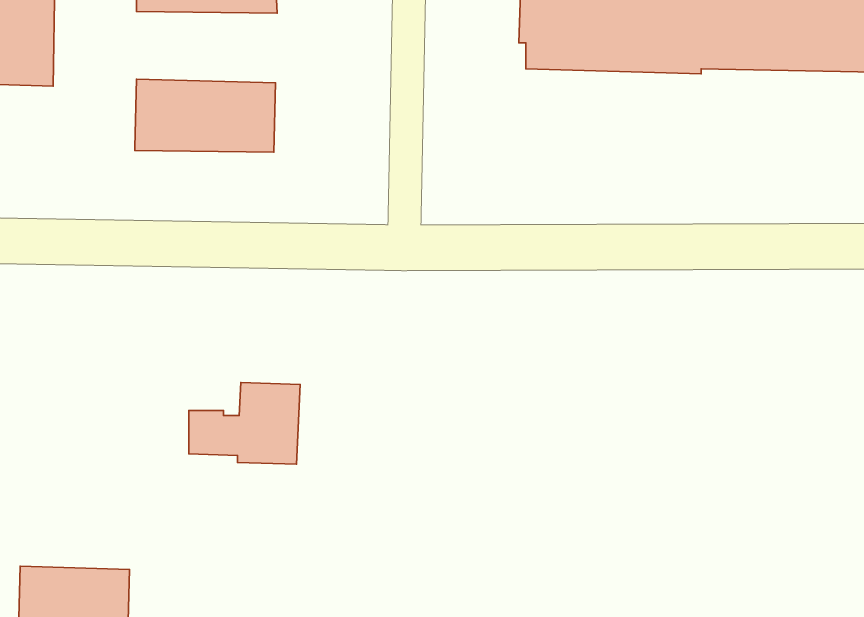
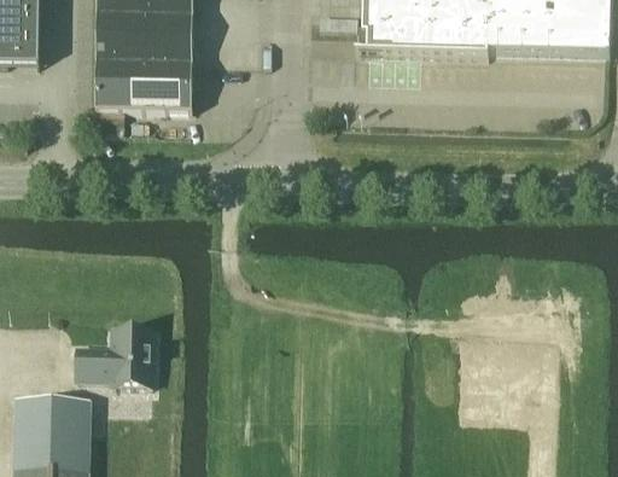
building: none -> [95,10,193,59]
building: [189,383,300,464] -> [76,326,153,383]

